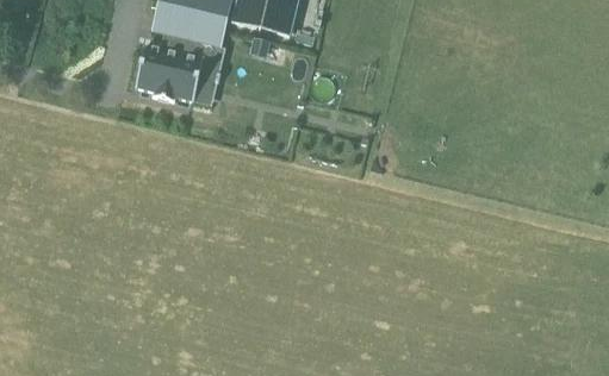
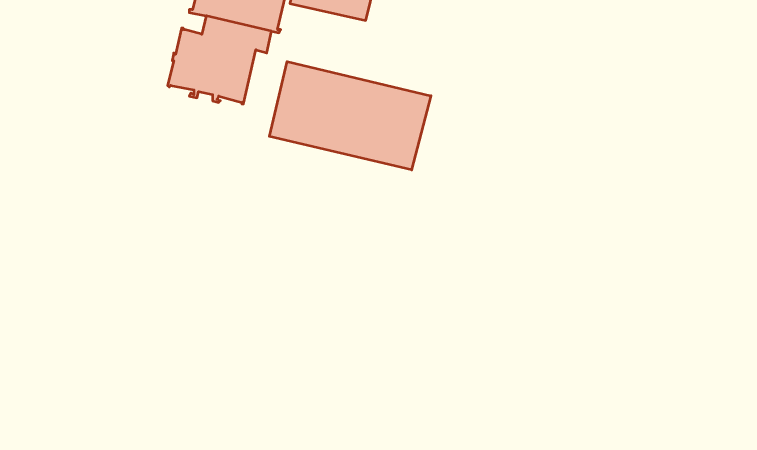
building: none -> [269,62,431,170]

